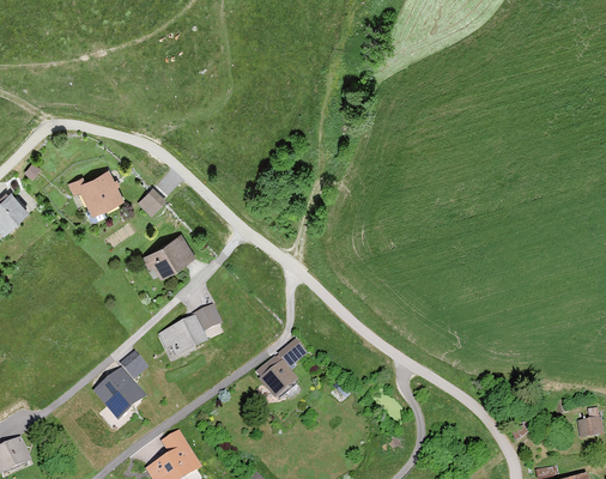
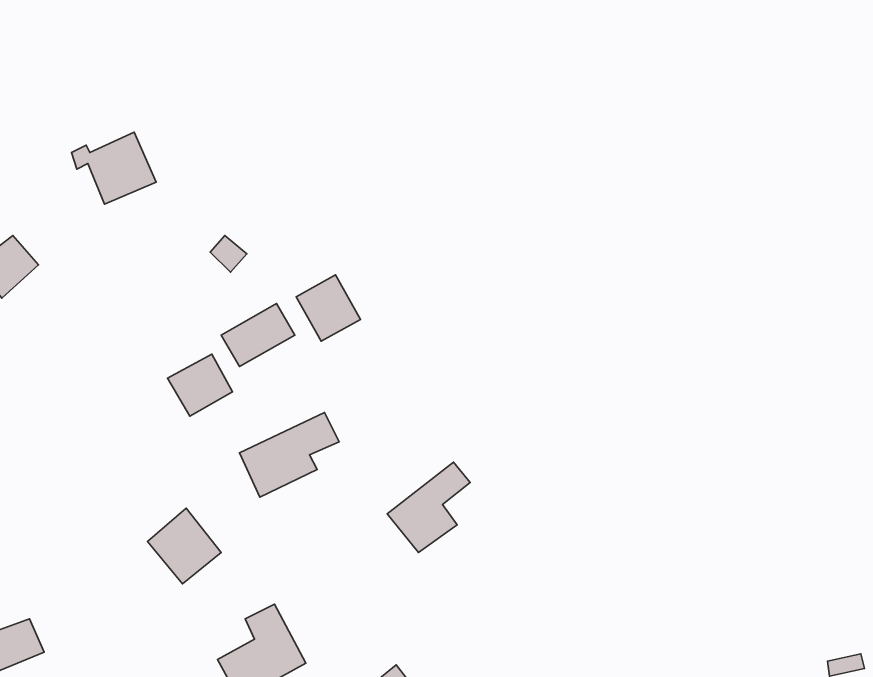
building: [71,169,126,216] -> [71,132,156,204]
building: none -> [296,275,361,341]
building: none -> [167,354,232,416]

